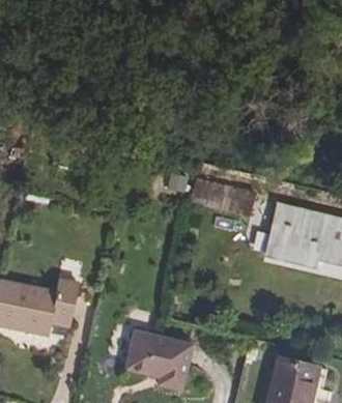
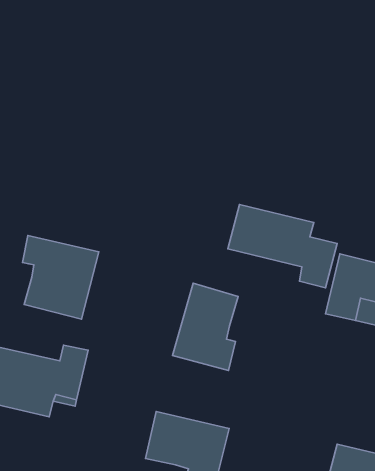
building: none -> [22,235,99,319]
building: none -> [173,283,238,370]

